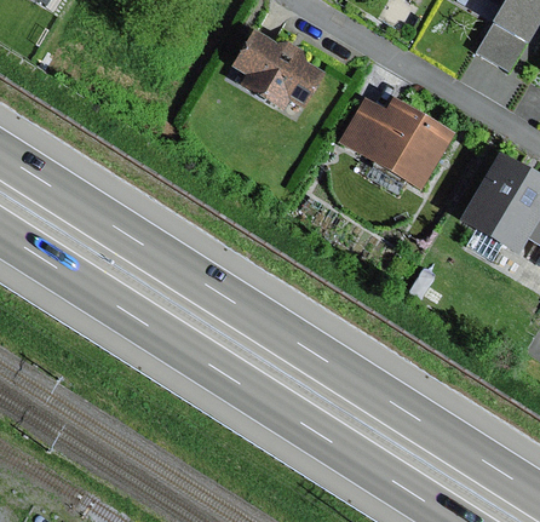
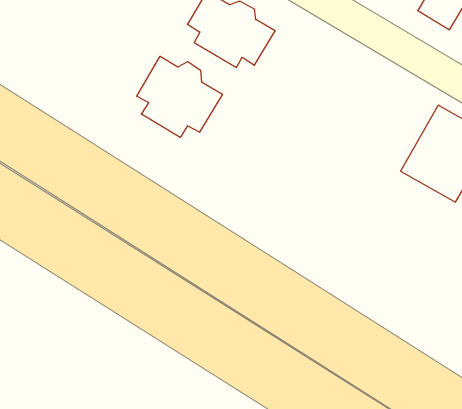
building: [339,97,455,190] -> none
building: none -> [137,56,222,137]

